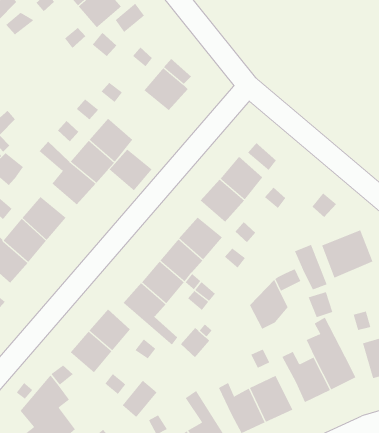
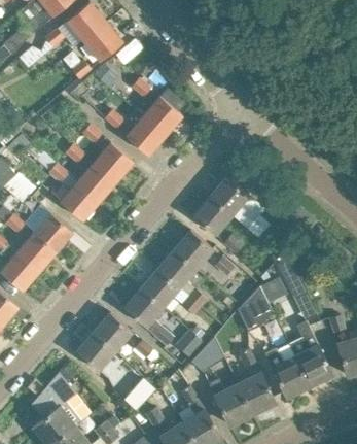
building: [109,149,152,191] -> [126,117,165,156]
building: [322,230,373,279] -> none
building: none -> [190,337,224,372]

